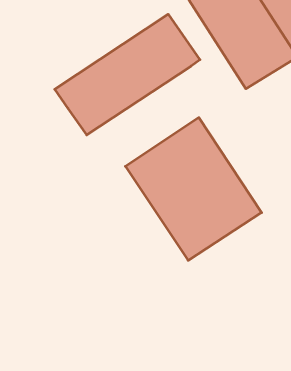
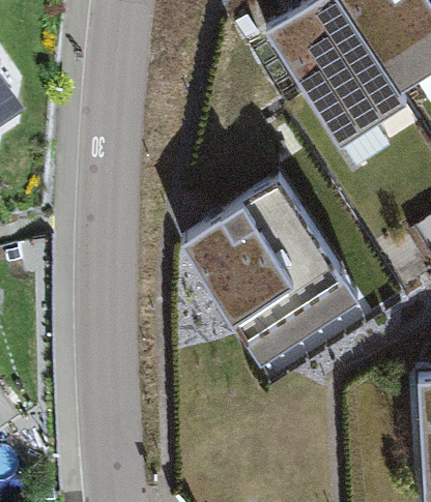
building: [55,14,200,135] -> none

